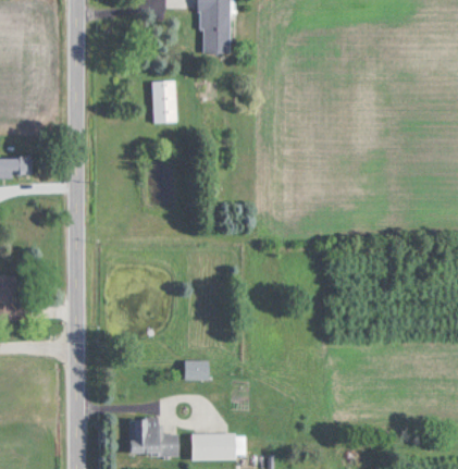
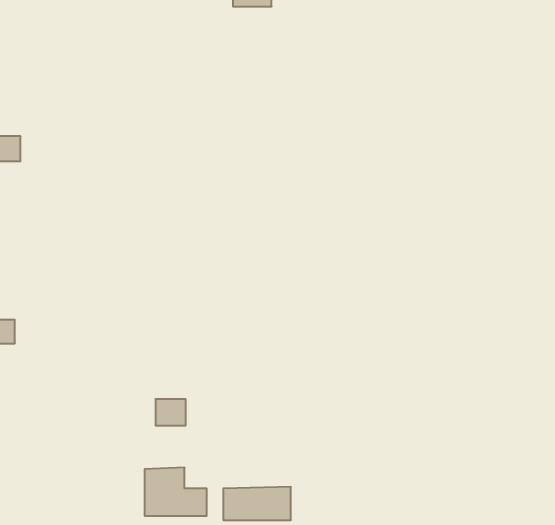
building: [151,81,175,123] -> none
building: [184,360,208,381] -> [155,399,186,425]

